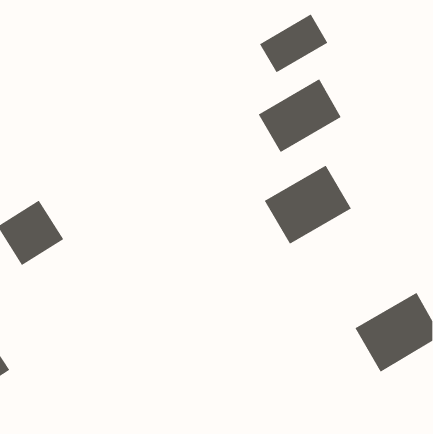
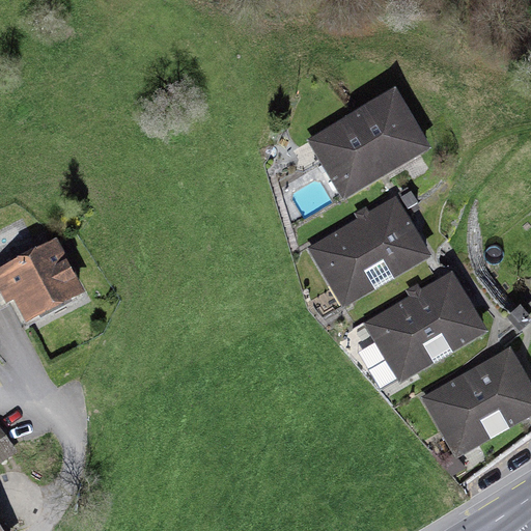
building: [259,14,328,73] -> none
building: none -> [372,275,479,372]

